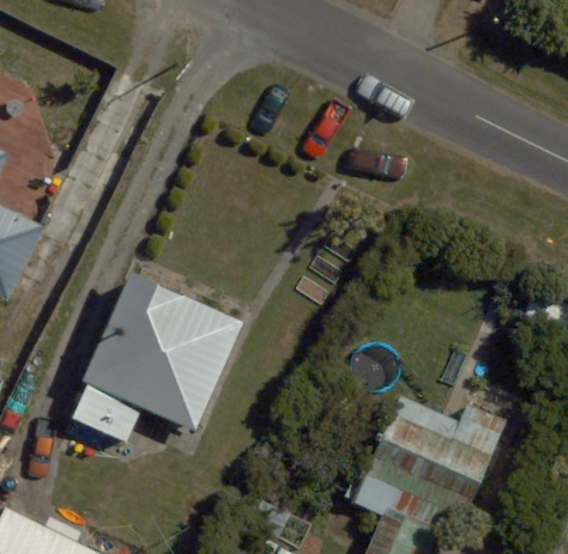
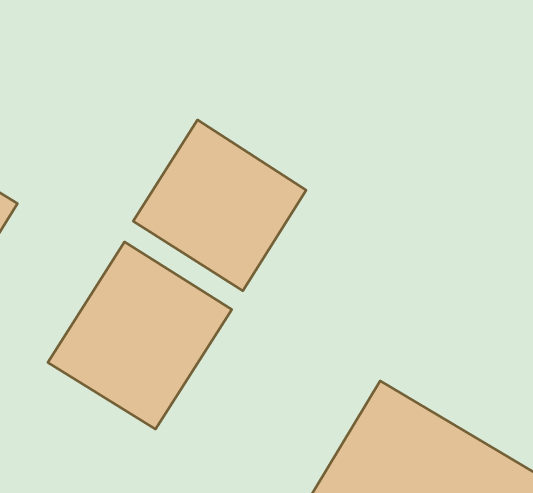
building: none -> [133,120,306,291]

